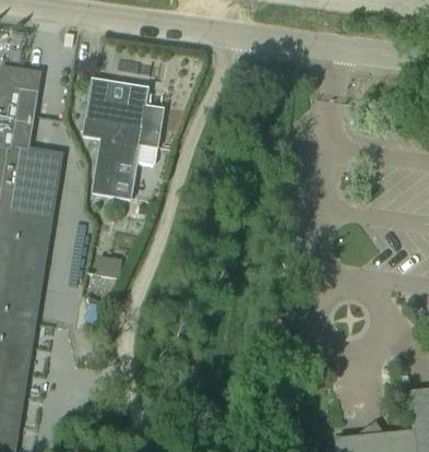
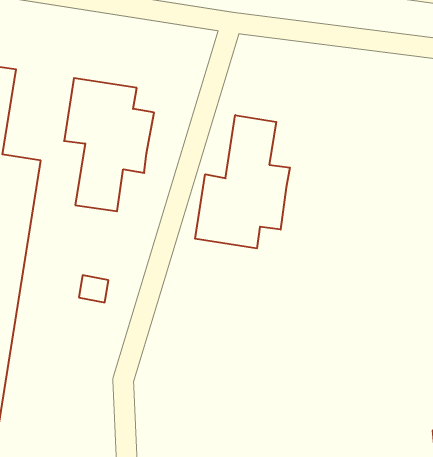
building: none -> [195,115,290,248]

